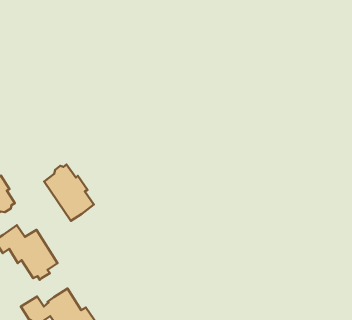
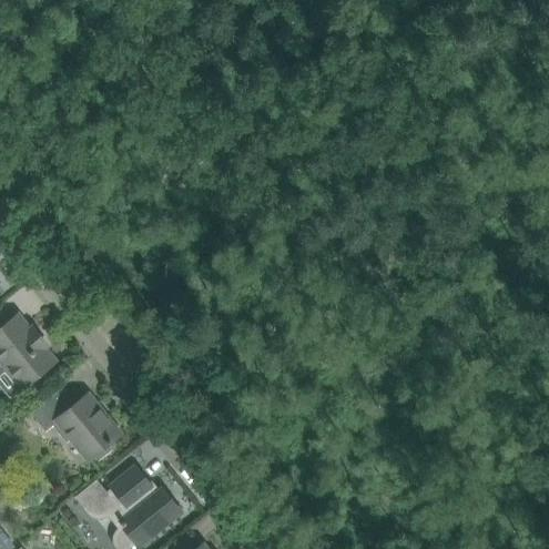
building: [44,165,94,221] -> none

